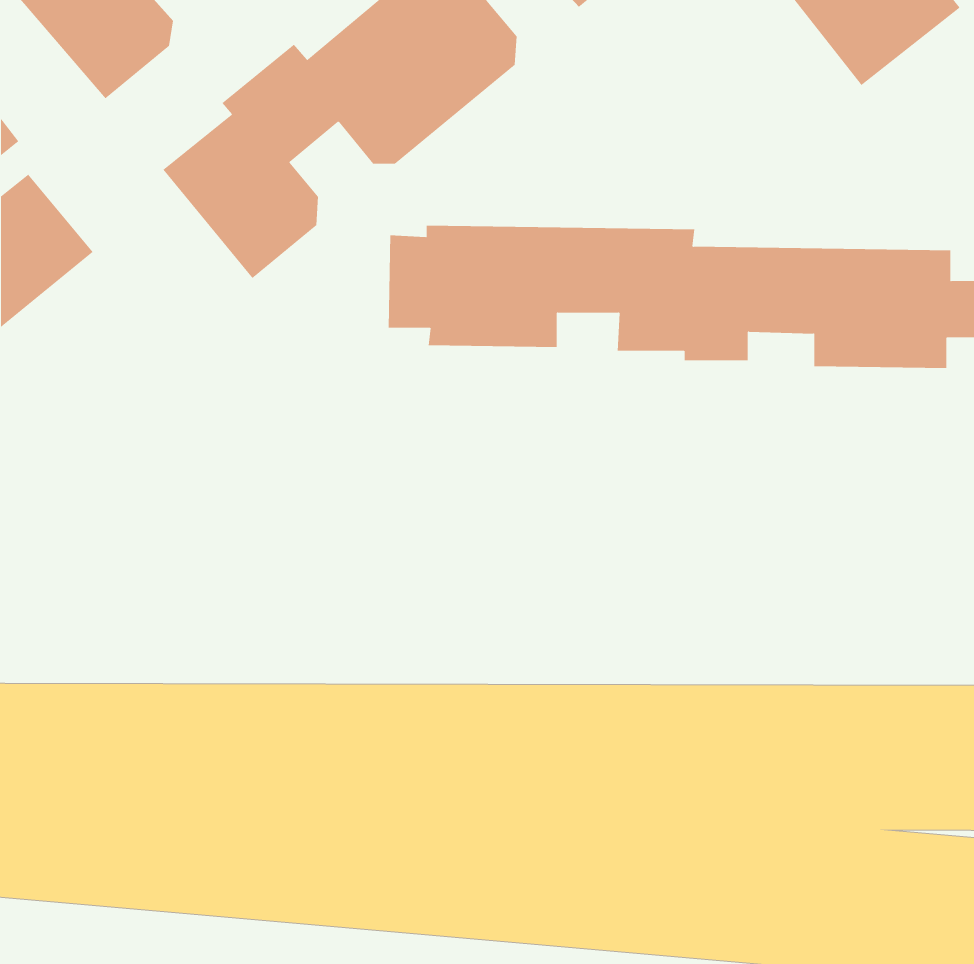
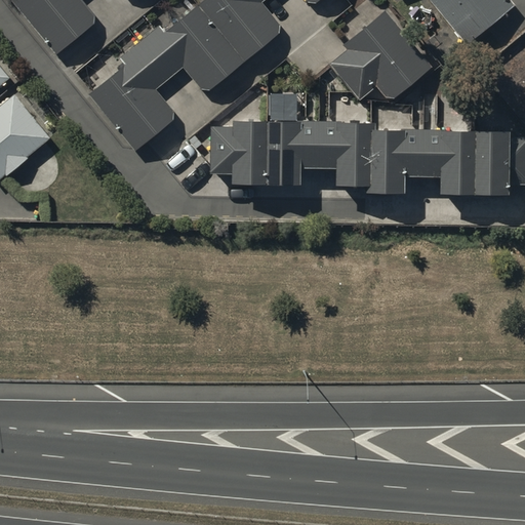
building: none -> [330,8,434,98]

